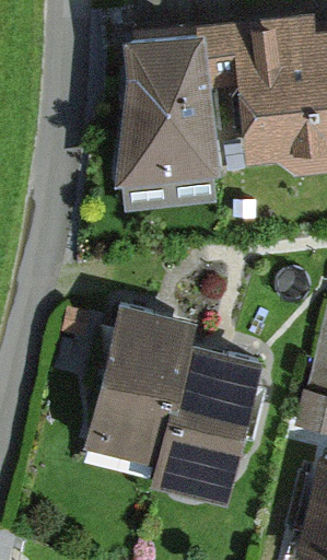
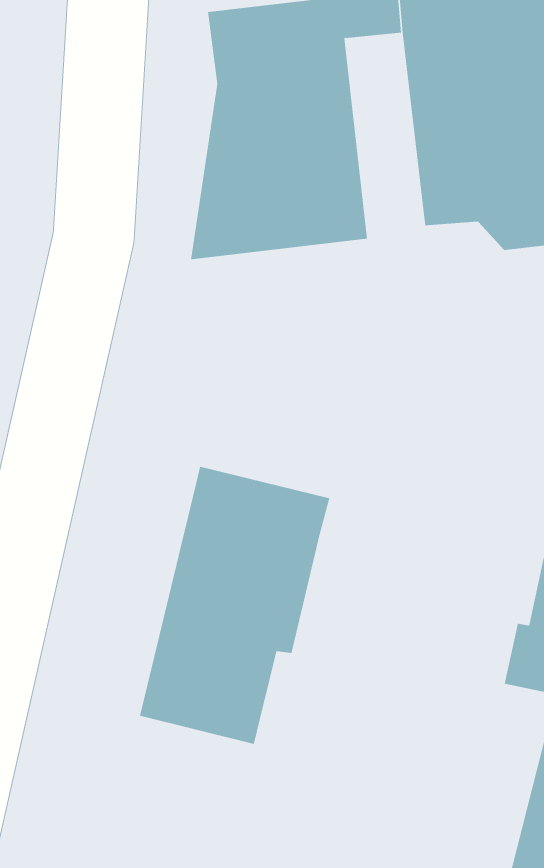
building: [145,345,258,502] -> none

